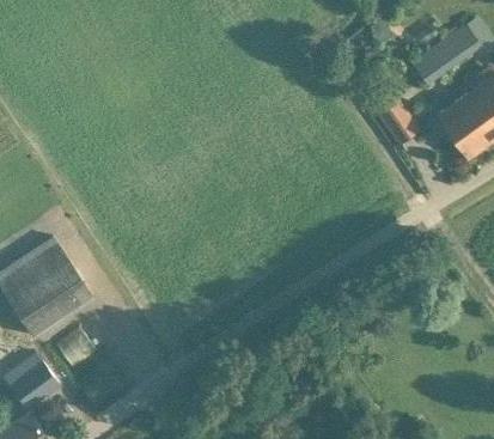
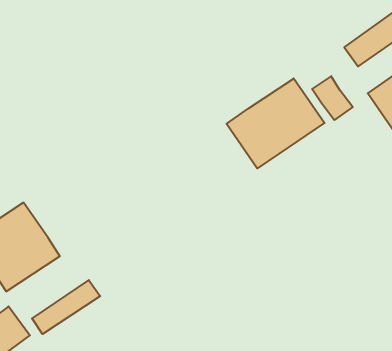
building: none -> [227,78,325,168]
building: none -> [32,280,100,334]

